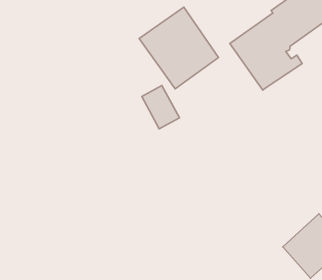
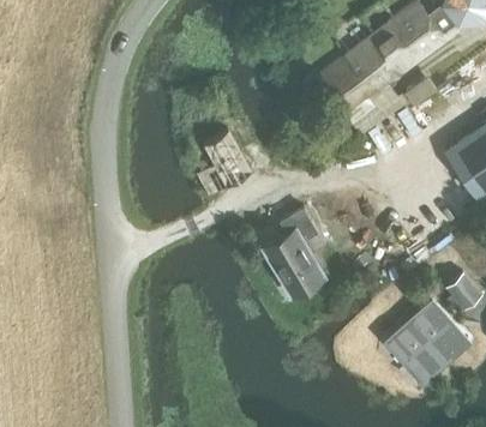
building: [139,7,219,89] -> none
building: none -> [271,221,362,291]

